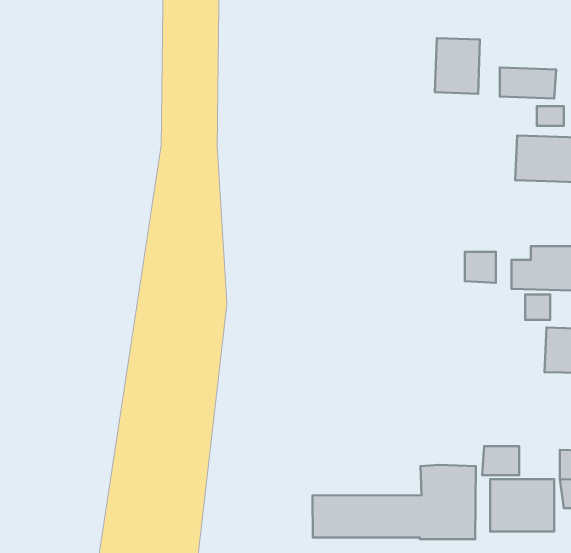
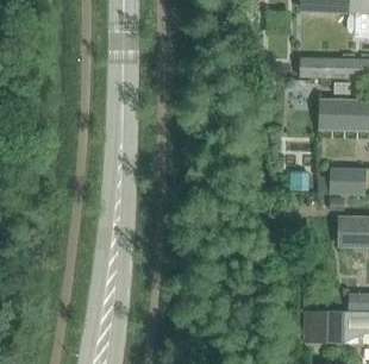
building: [435,38,480,94] -> none
building: [312,465,476,539] -> none

